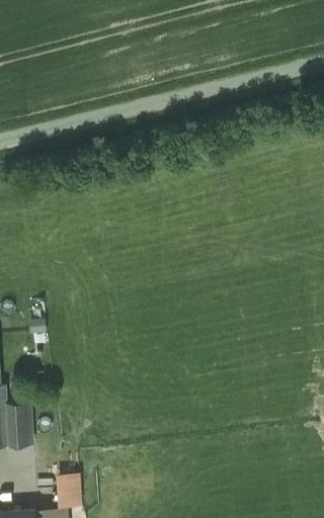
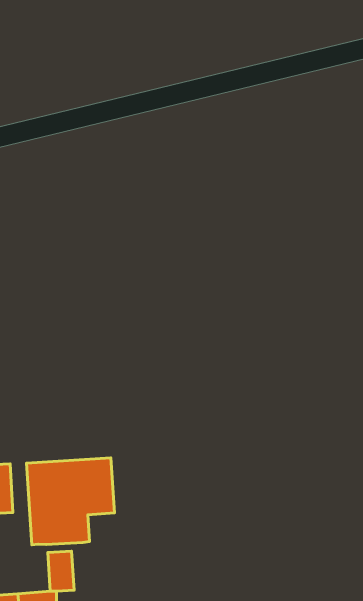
building: none -> [26,458,114,545]

